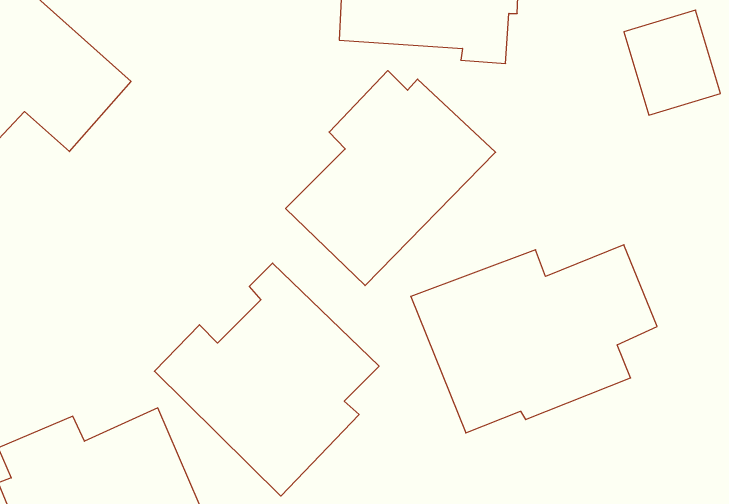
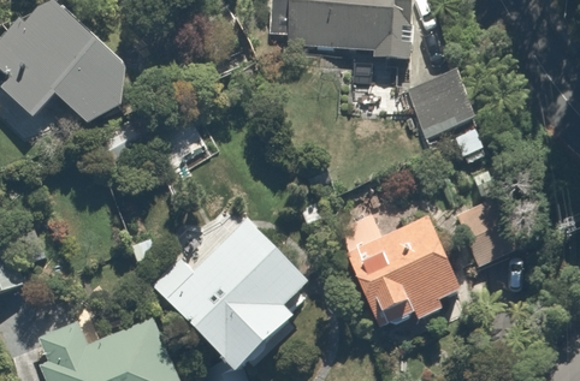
building: [624,10,720,115] -> [407,72,477,148]
building: [286,71,496,286] -> none

